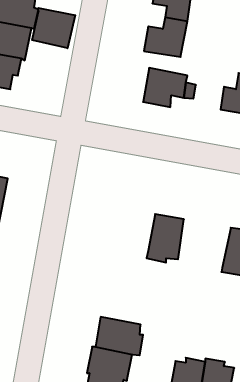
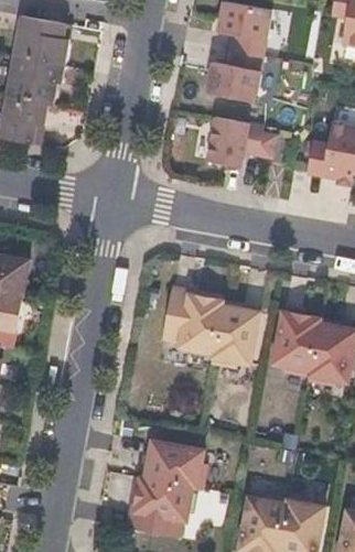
building: [32,8,75,48] -> none
building: none -> [161,293,220,353]
building: none -> [271,311,319,375]

